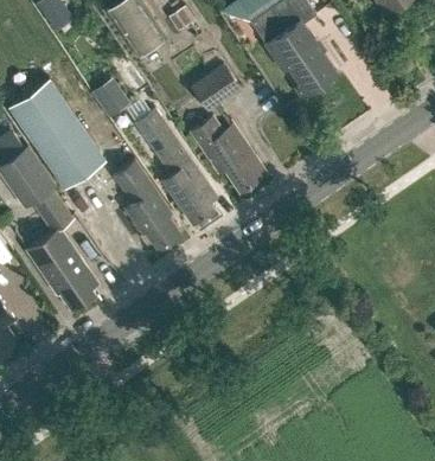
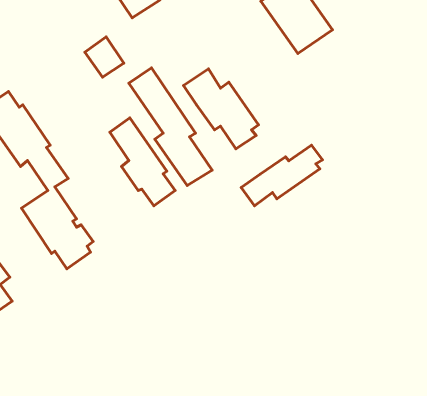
building: [190,64,241,113] -> none
building: [11,81,107,188] -> none
building: none -> [241,145,322,206]

